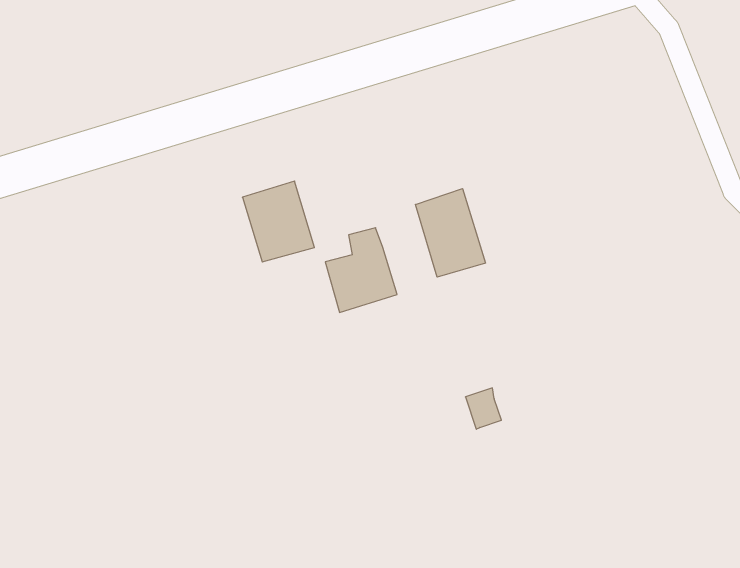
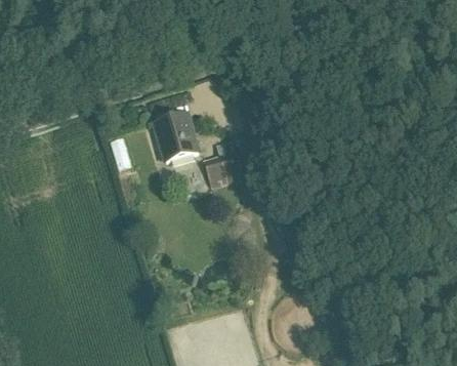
building: [415,189,485,277] -> none

